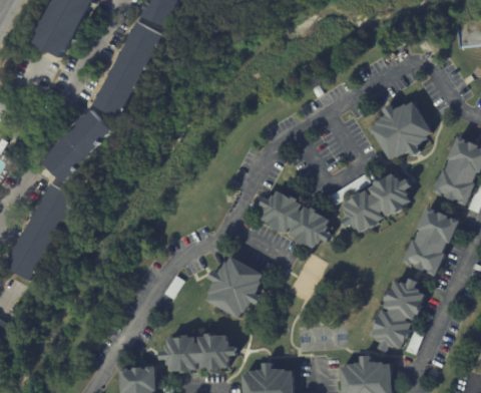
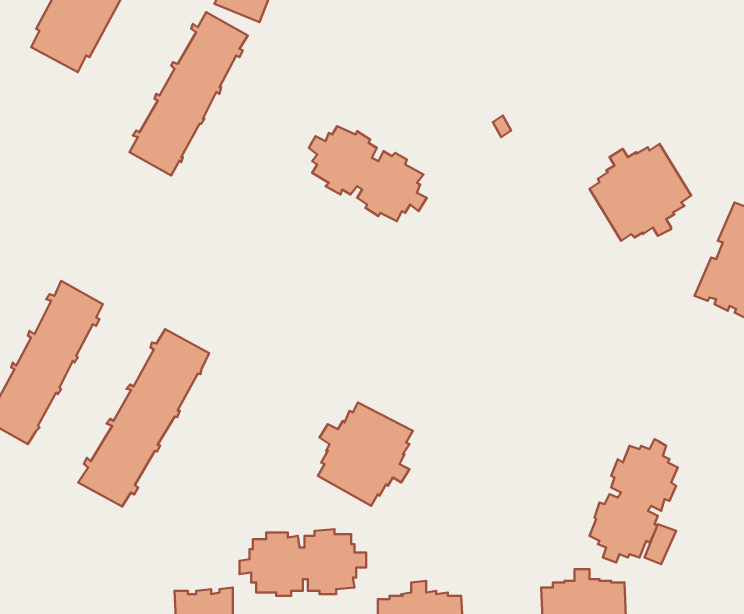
building: [43,109,113,182] -> none
building: [339,172,409,232] -> none
building: [259,190,330,248] -> [309,126,427,221]
building: [401,206,457,276] -> none
building: none -> [78,329,209,507]

